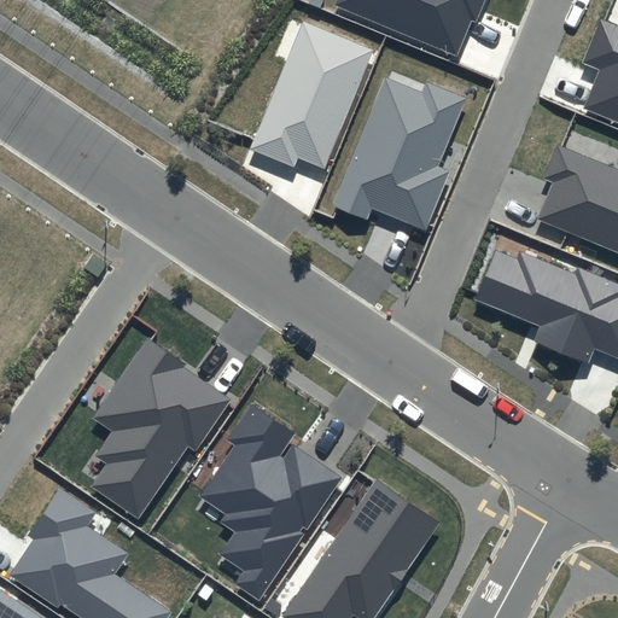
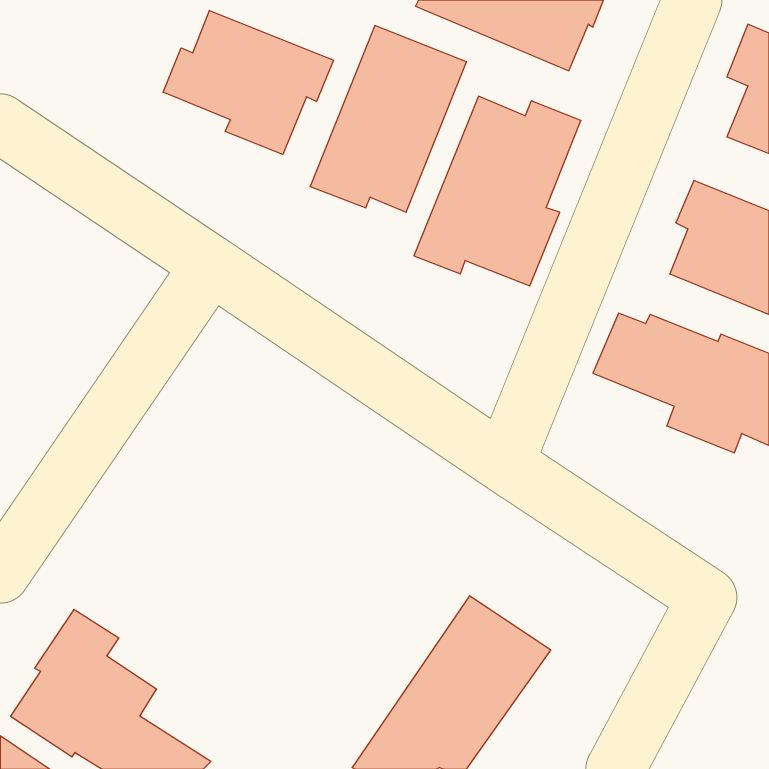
building: none -> [163,10,334,154]
building: [91,337,231,519] -> none
building: [198,401,340,597] -> none

